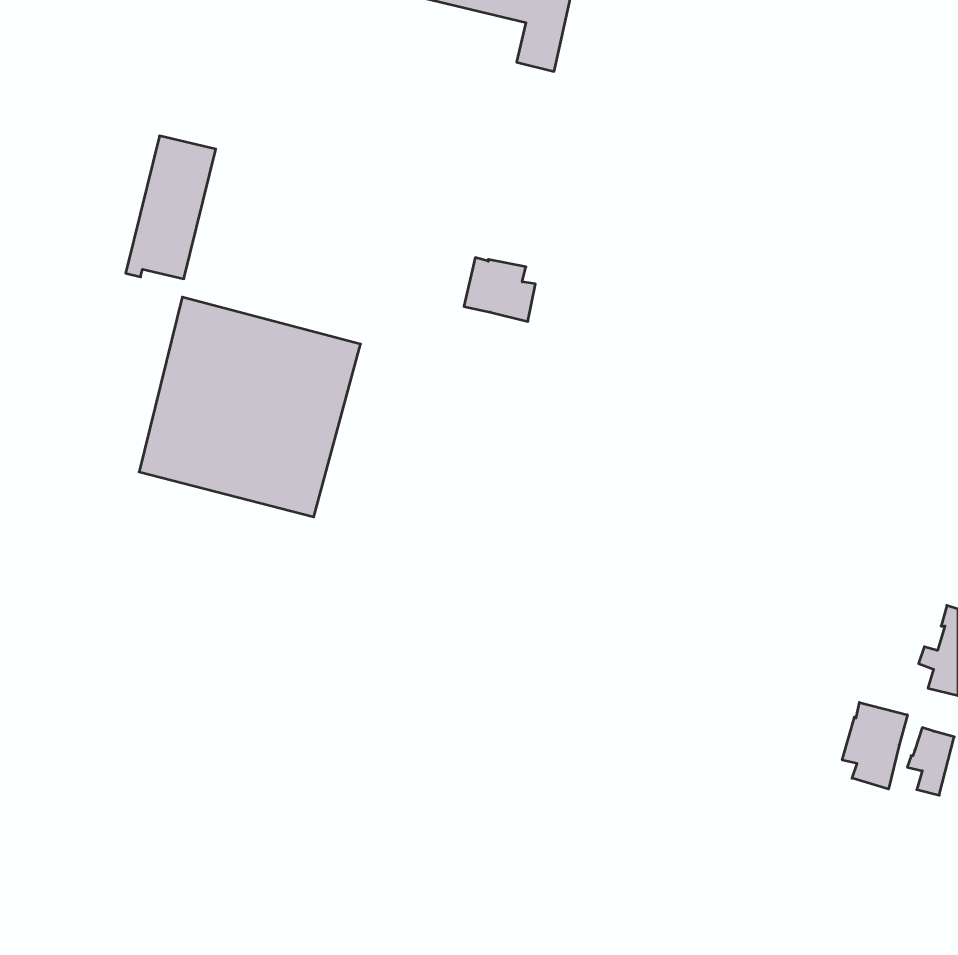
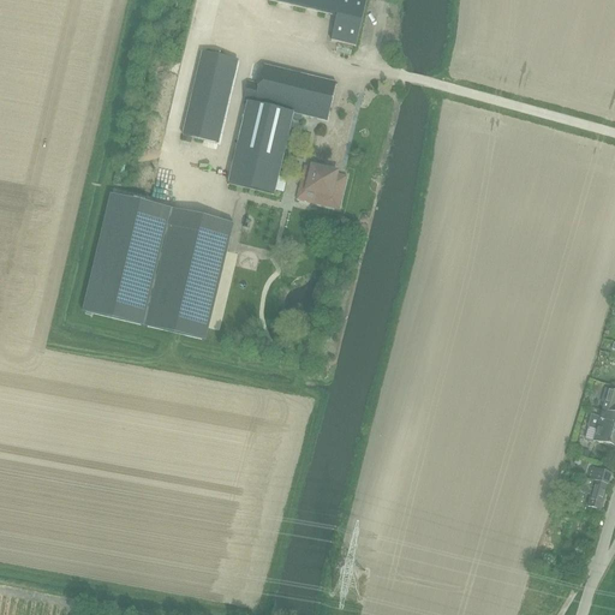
building: none -> [227,62,336,193]
building: [126,136,216,279] -> [180,50,238,142]
building: [842,702,907,789] -> none

